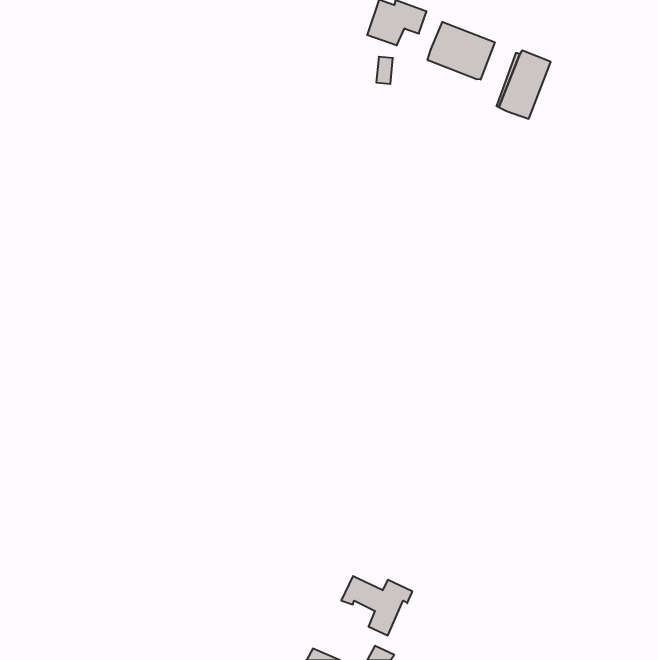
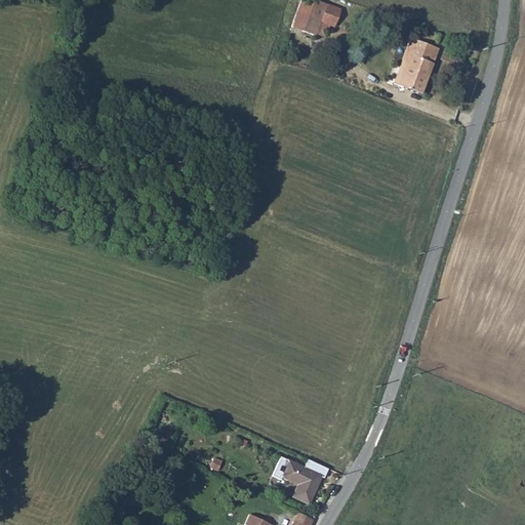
building: [428,22,495,80] -> none

